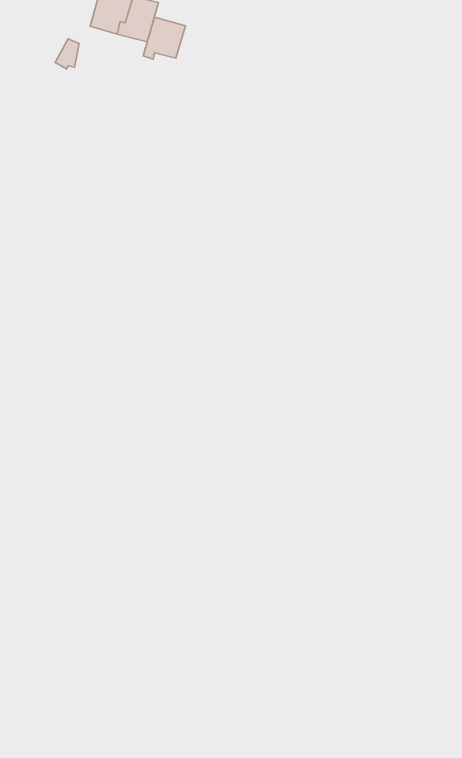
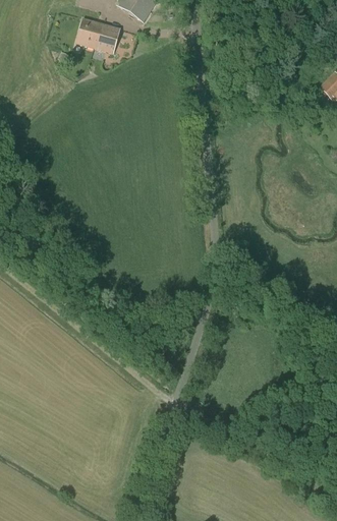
building: [143,17,186,59] -> none

